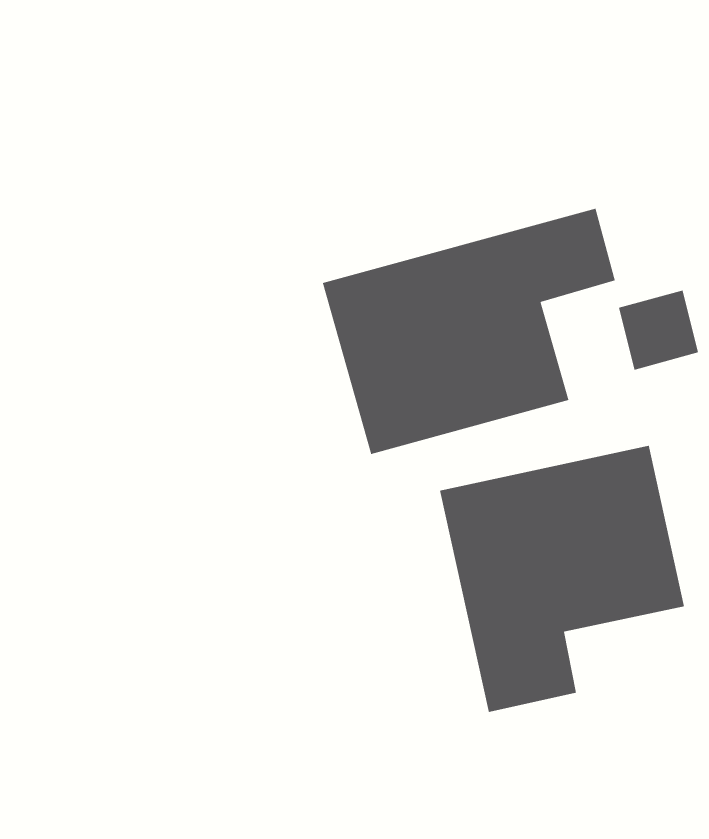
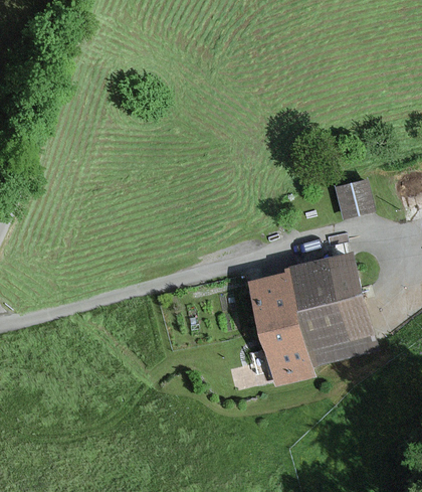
building: [322,208,615,455] -> none

